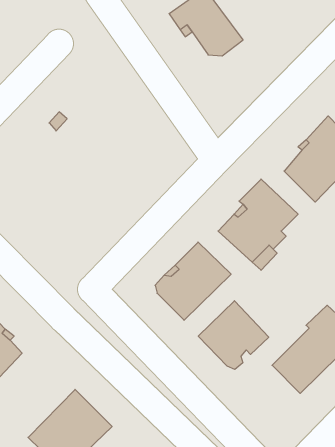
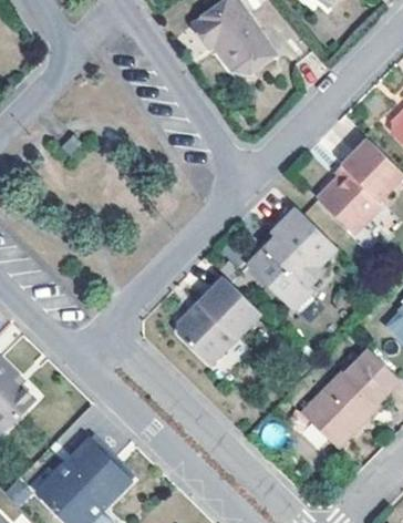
building: [198,301,269,369] -> none

